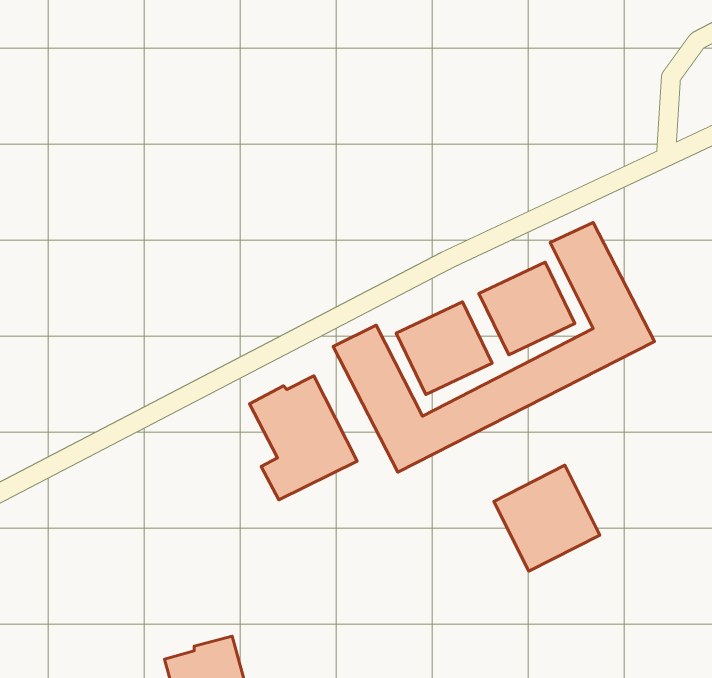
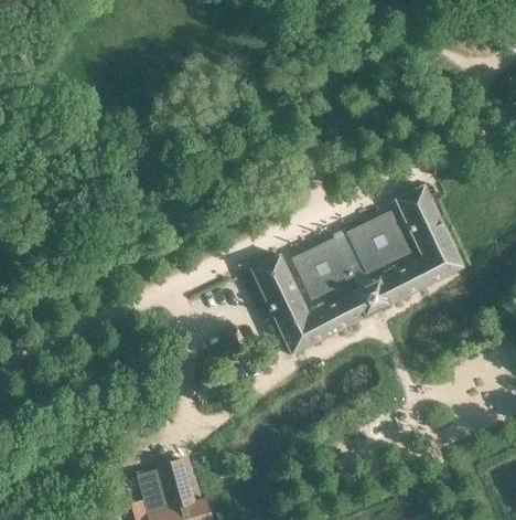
building: [250,376,357,500] -> none
building: [494,465,600,571] -> none

